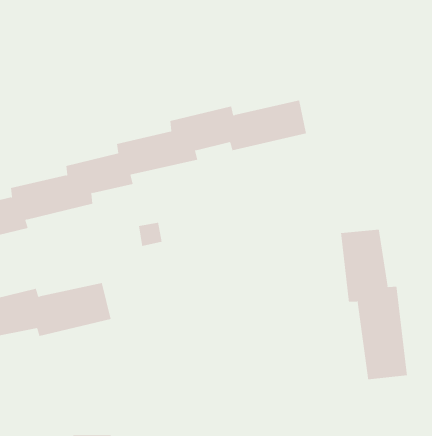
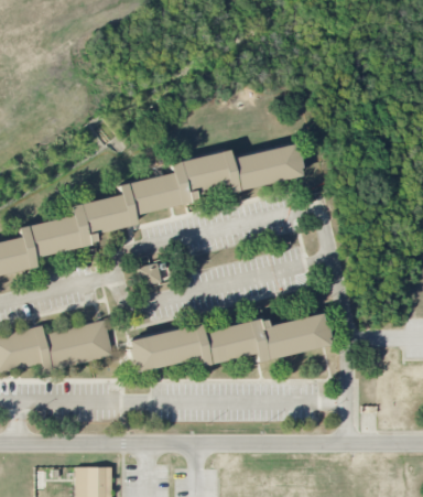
building: [341,229,408,380] -> none
building: none -> [126,315,326,374]

